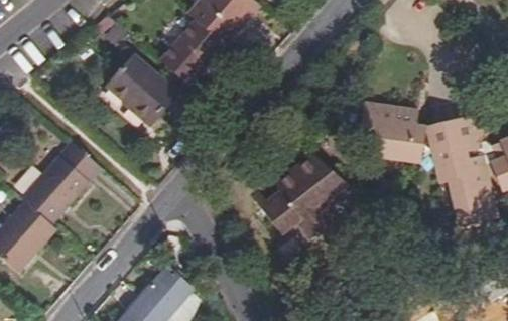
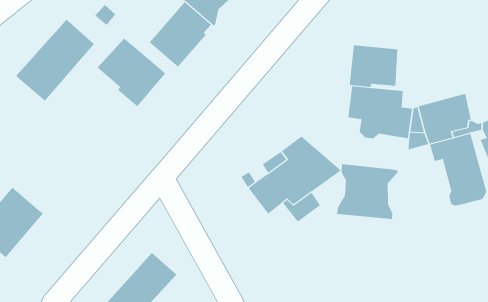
building: none -> [349,44,398,88]
building: [23,143,102,224] -> [15,19,95,101]
building: none -> [336,163,398,220]

